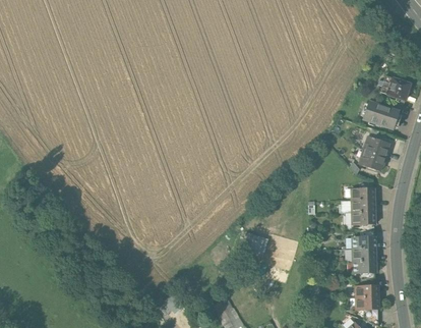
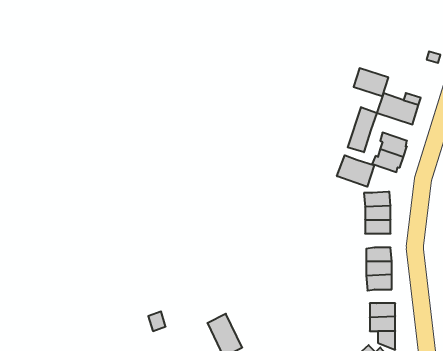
building: [379,74,410,99] -> [354,68,388,96]
building: none -> [348,107,377,152]
building: none -> [337,155,374,187]

